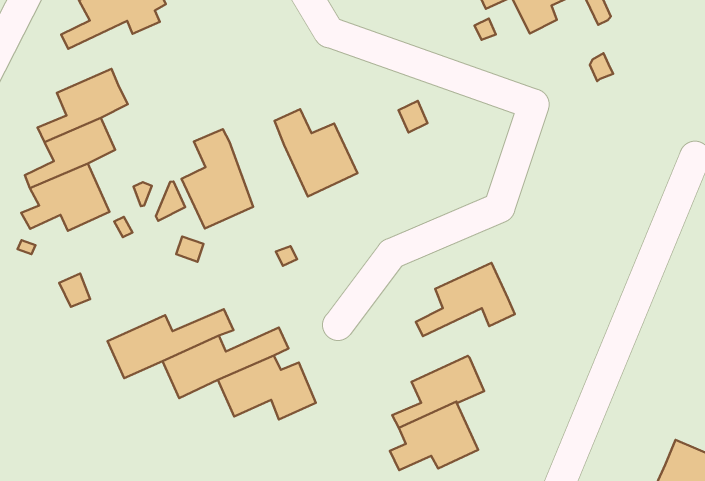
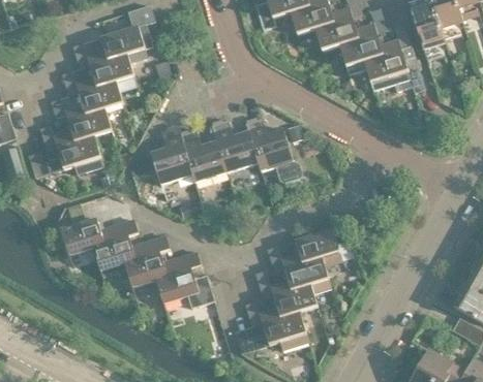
building: none -> [77,54,138,93]
building: none -> [243,118,299,187]
building: none -> [181,130,224,184]
building: none -> [61,219,138,254]
building: none -> [270,256,329,295]

